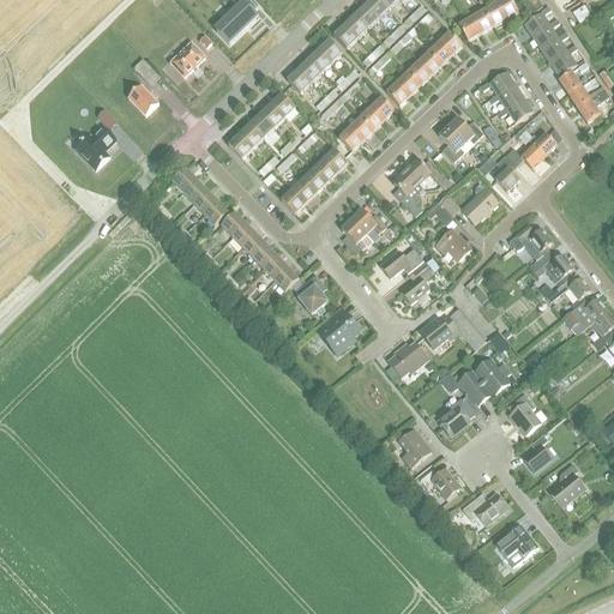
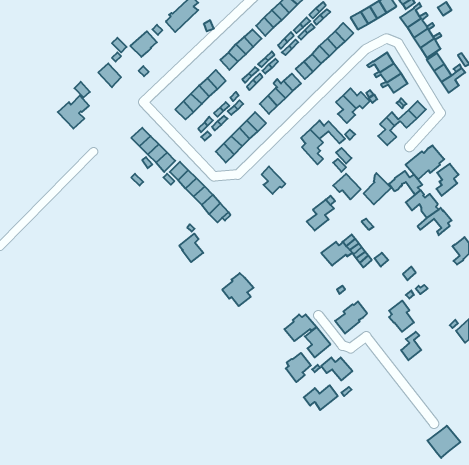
building: [460,182,496,223] -> [364,173,391,204]
building: none -> [406,145,444,180]
building: [351,207,387,240] -> none
building: none -> [436,164,459,196]
building: [380,246,423,276] -> none
building: [296,275,327,312] -> [179,234,203,262]
building: [562,295,607,333] -> none
building: [318,307,359,350] -> [222,273,254,306]
building: [387,341,429,375] -> [284,314,317,341]
building: [459,357,511,403] -> none
building: none -> [286,353,311,382]
building: [550,462,584,505] -> none
building: [463,492,507,524] -> [304,385,338,410]
building: [495,523,538,565] -> [427,426,460,458]

